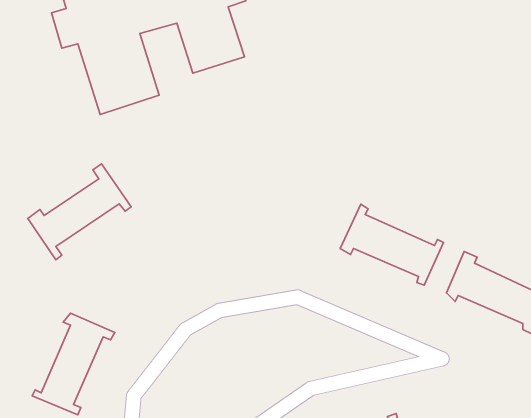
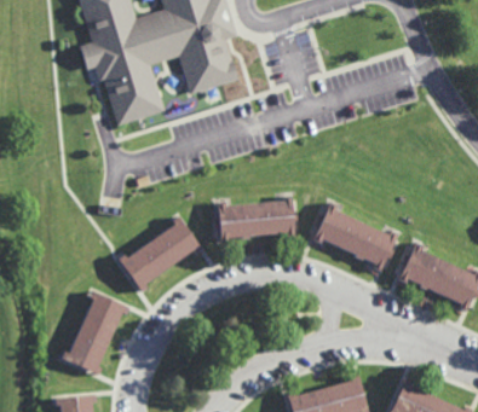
building: [28,164,131,260] -> [115,214,200,292]
building: none -> [215,195,293,243]

